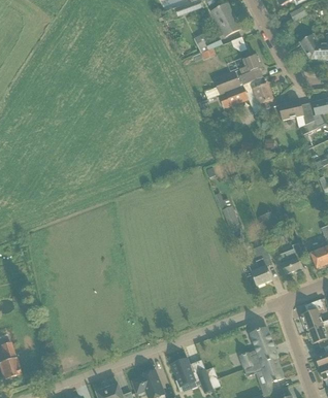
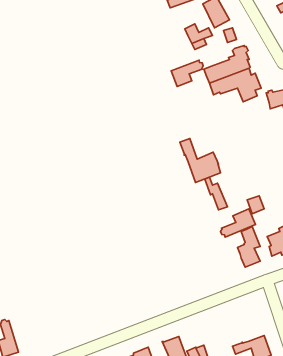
building: none -> [171,60,203,87]
building: none -> [180,138,221,183]
building: none -> [221,209,255,237]
building: [250,326,277,364] -> none

